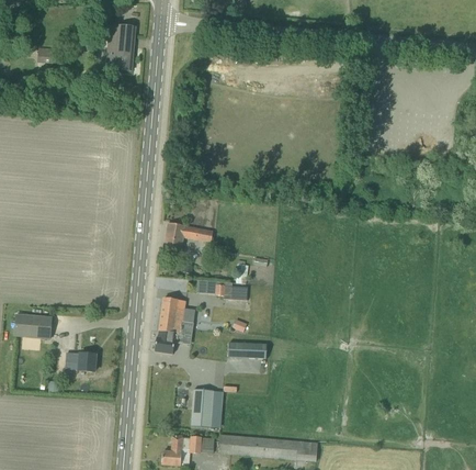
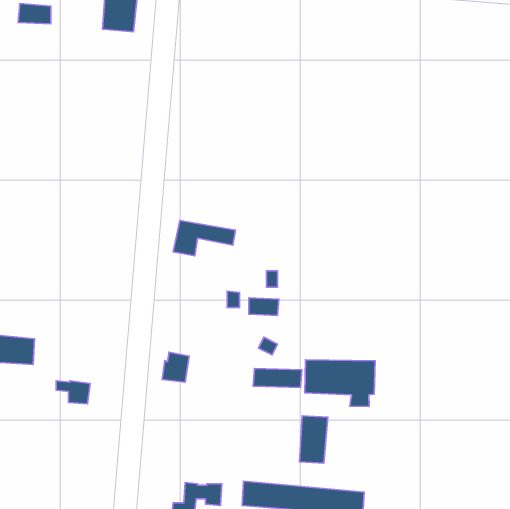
building: [160,296,186,332] -> none
building: none -> [305,360,375,407]
building: [192,388,215,426] -> [299,416,328,463]

